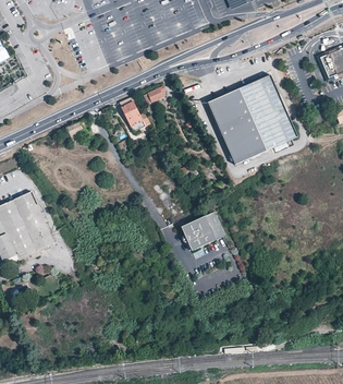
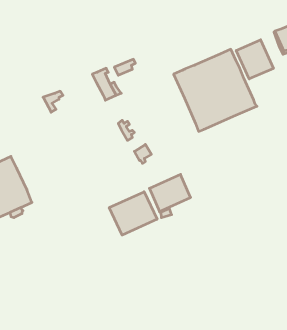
building: none -> [236,40,273,79]
building: none -> [109,192,157,235]

